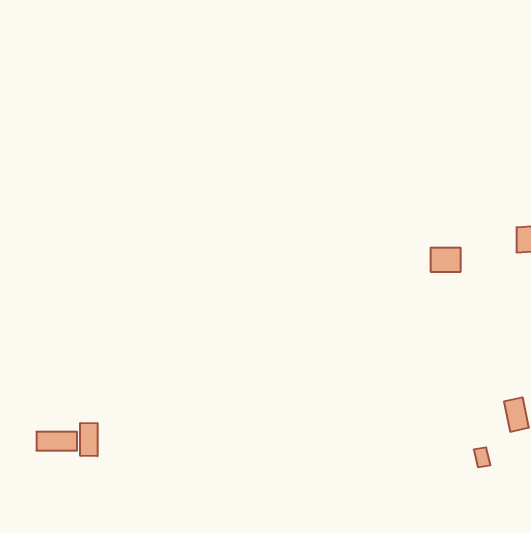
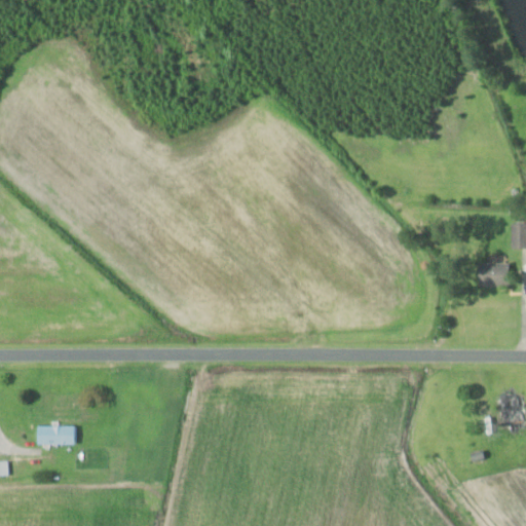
building: [431,248,461,272] -> [479,262,509,286]
building: [80,423,97,456] -> none

